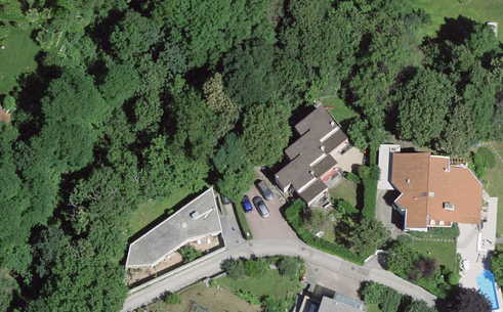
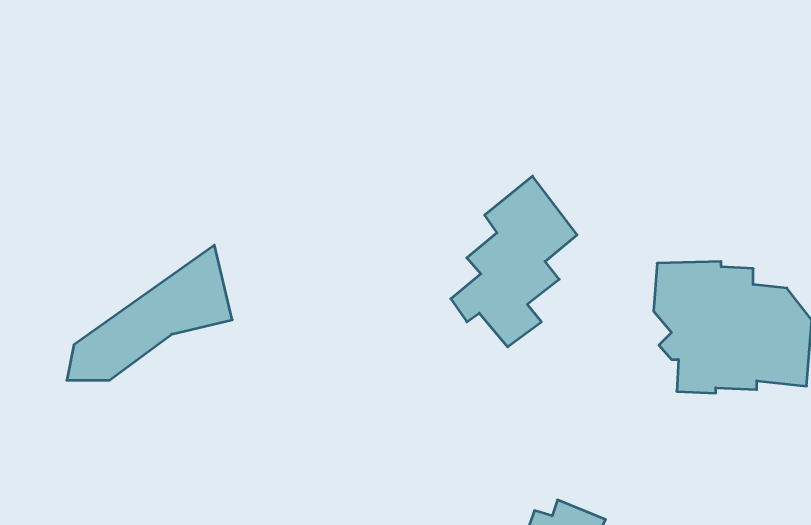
building: [126,187,221,265] -> [67,245,232,380]

